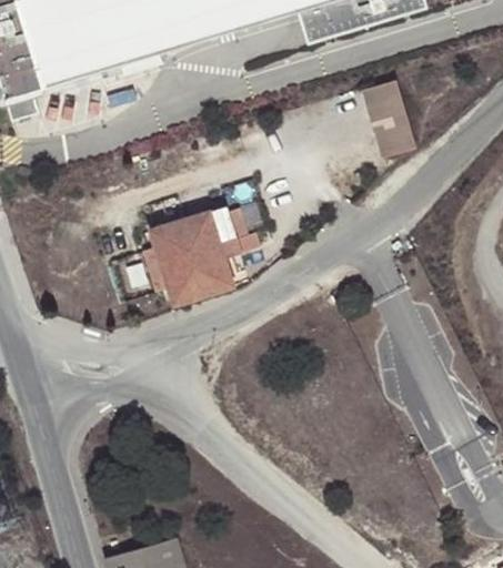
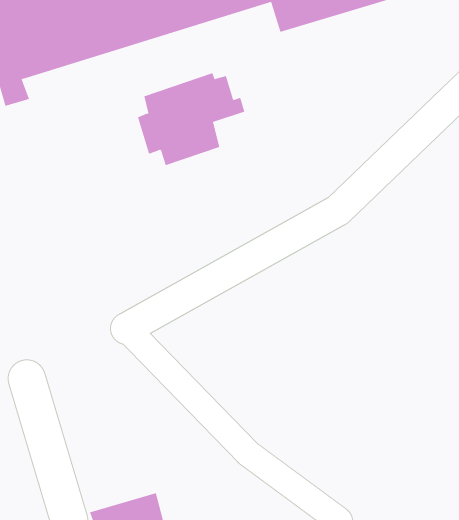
building: [358,72,416,152] -> none
building: [145,201,261,301] -> [137,72,245,166]

